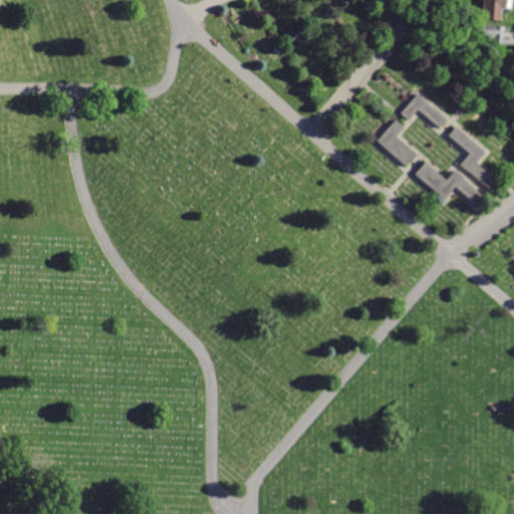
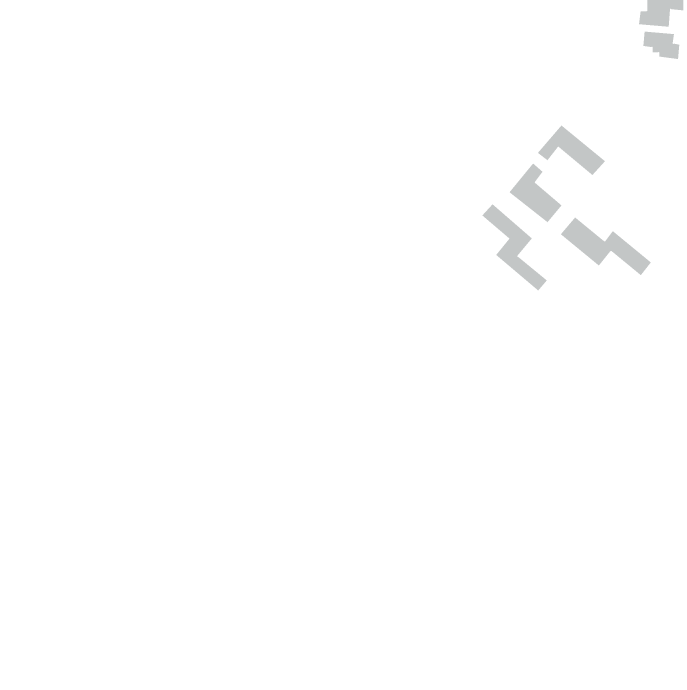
building: [450,125,499,191] -> [482,203,548,291]

